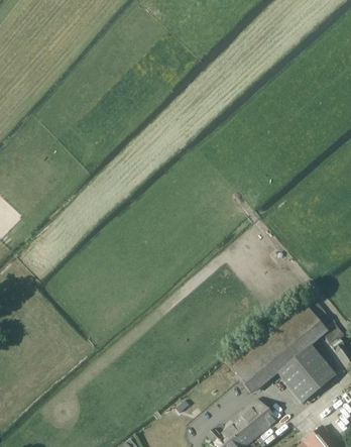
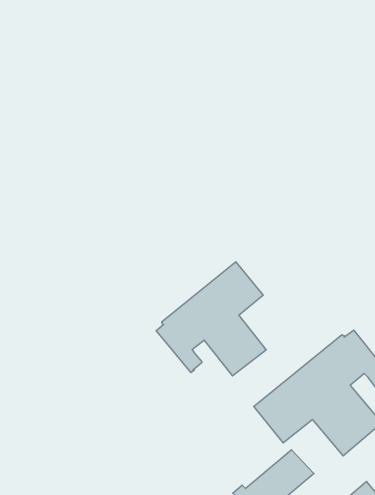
building: none -> [156,262,266,376]

